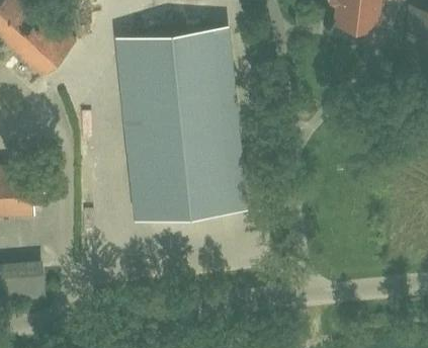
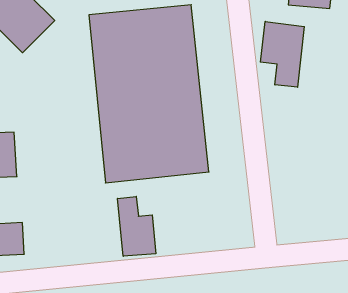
building: none -> [260,21,304,87]
building: none -> [118,196,156,256]

